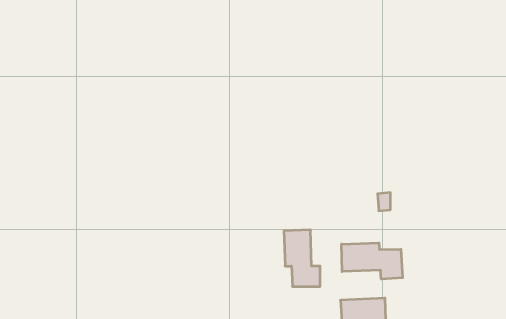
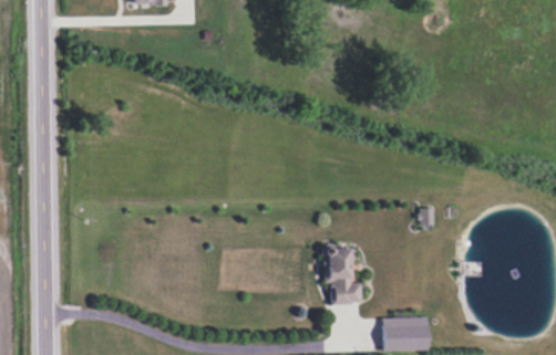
building: [342,243,403,279] -> none

